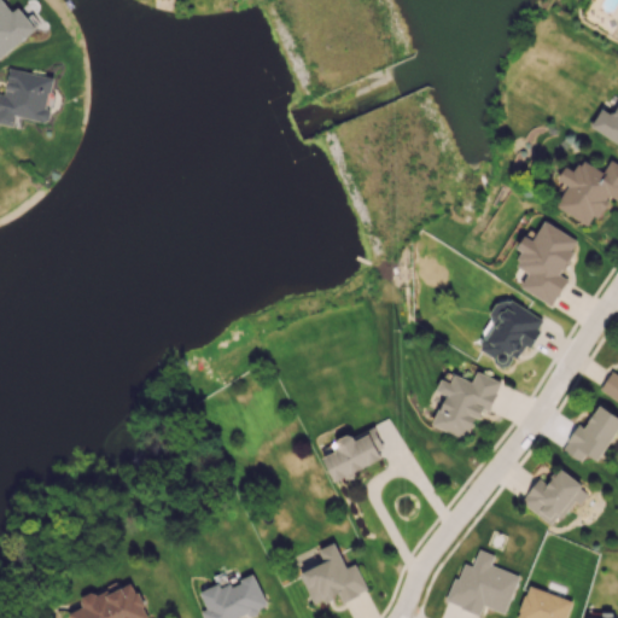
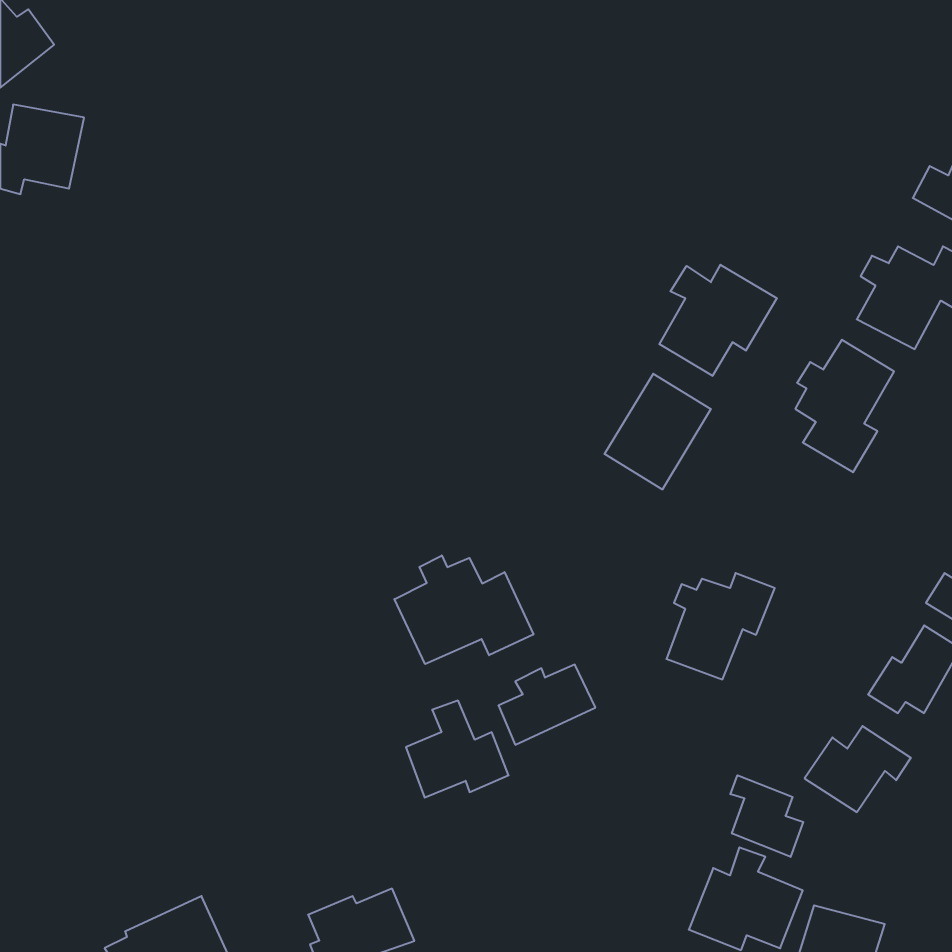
building: none -> [659,265,777,376]
building: [474,297,543,372] -> [604,374,711,489]
building: none -> [394,555,533,664]
building: none -> [730,775,803,857]
building: [302,543,368,606] -> [406,701,509,798]

